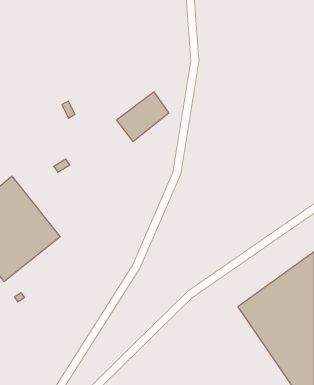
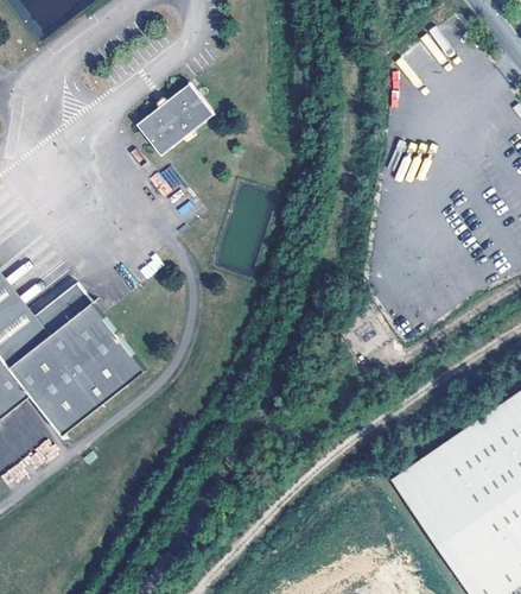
building: [117,92,169,142] -> [134,84,210,157]

